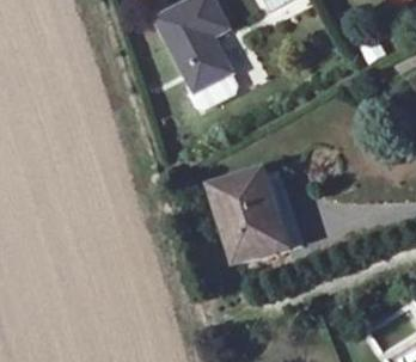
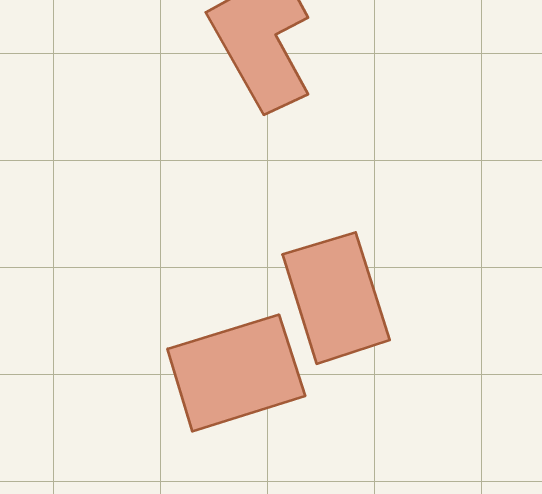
building: none -> [168,315,305,431]

